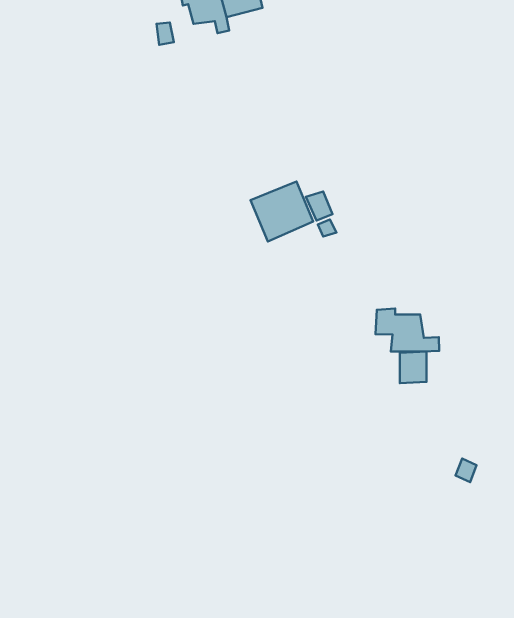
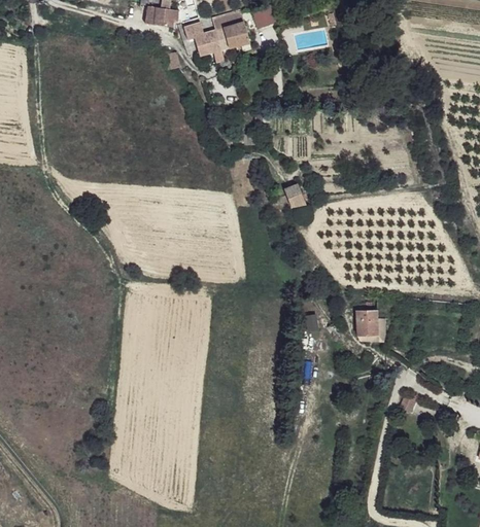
building: [251,181,313,242] -> none
building: [376,308,439,352] -> none

